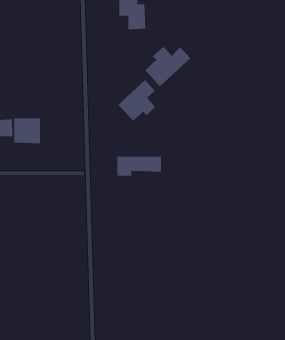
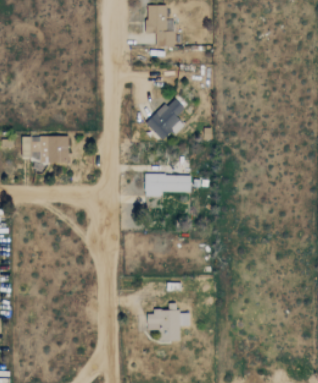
building: [144,46,191,87] -> none
building: none -> [147,303,190,341]

